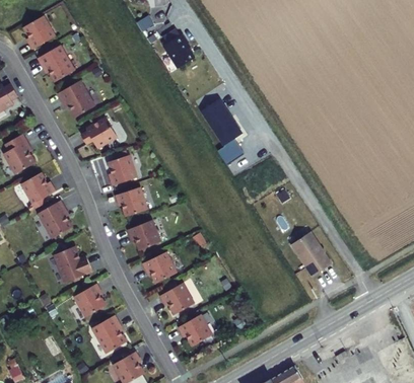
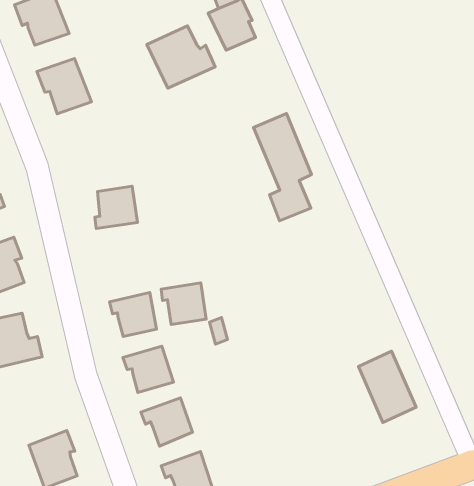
building: none -> [147,26,215,88]
building: [81,120,118,150] -> none
building: [116,189,147,219] -> [161,283,206,325]
building: [74,286,105,319] -> none

